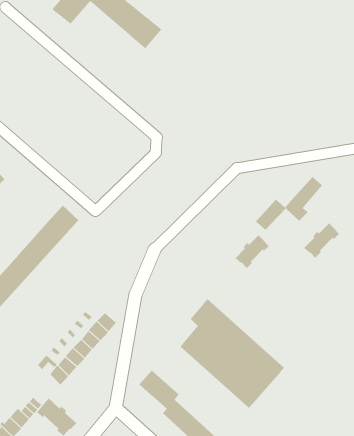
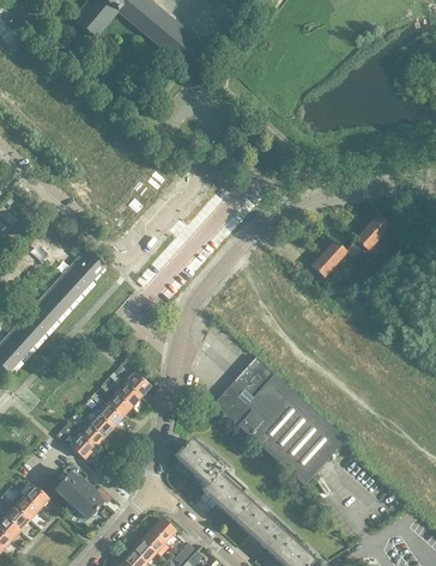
building: [303,222,340,258] -> none
building: [235,234,270,269] -> none

